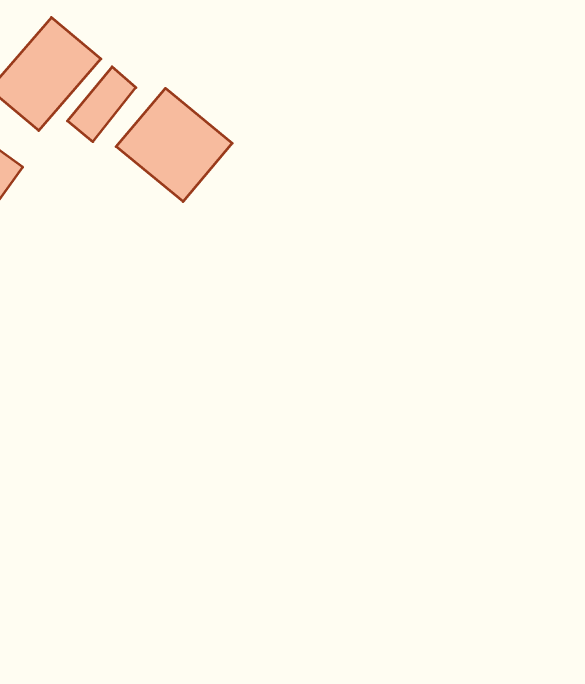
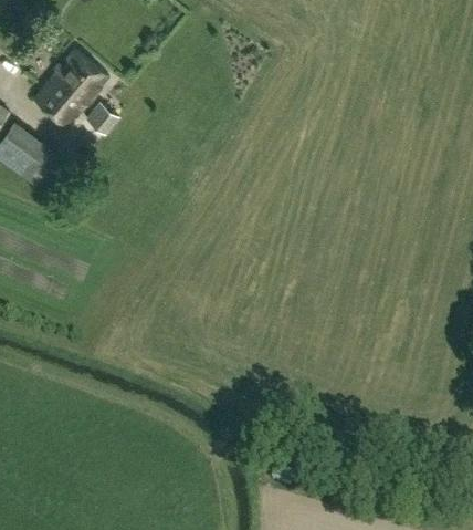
building: [116,88,232,202] -> none

